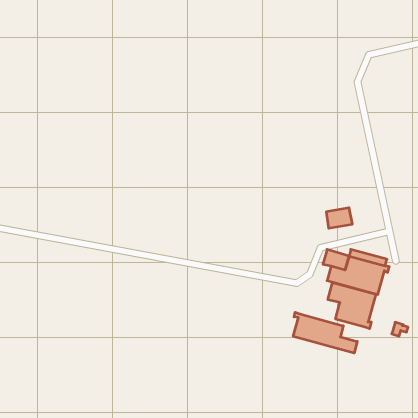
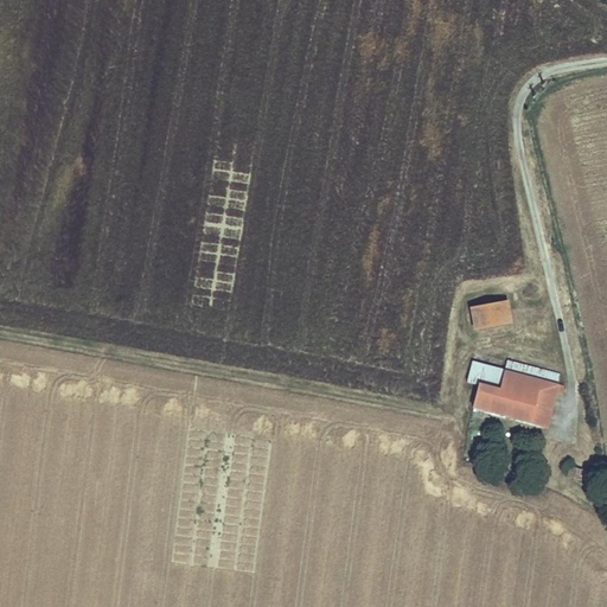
building: [328,282,376,329] -> none
building: [293,312,357,353] -> none

